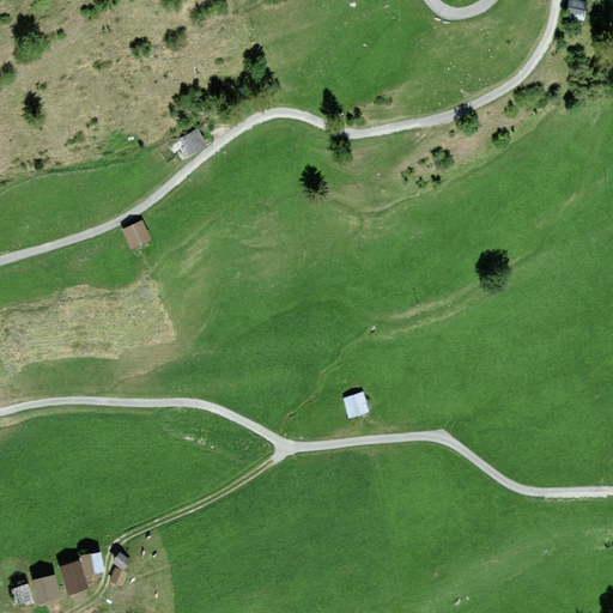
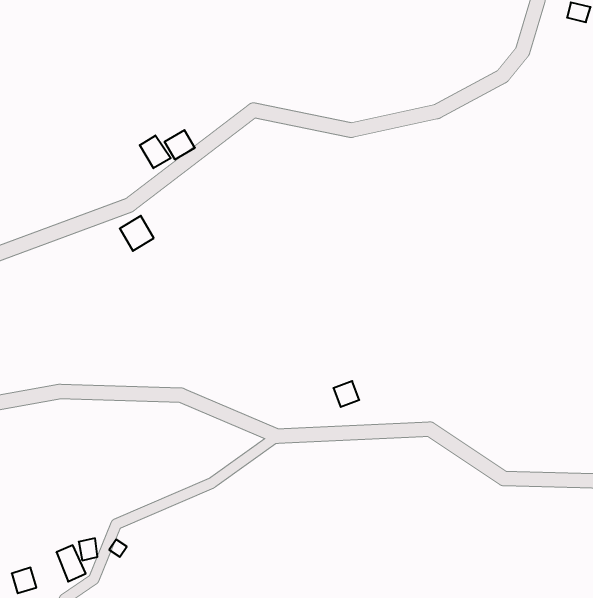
building: none -> [140,135,171,168]
building: [35,573,61,602] -> none

